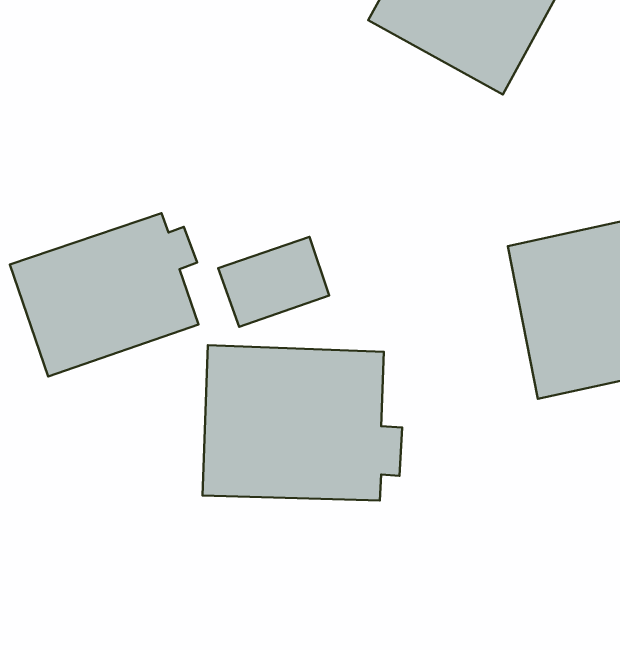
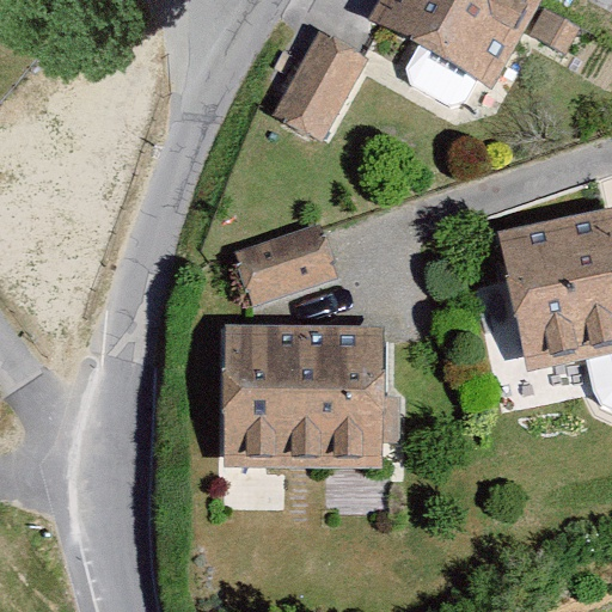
building: none -> [276,50,371,158]
building: [10,213,198,376] -> none

